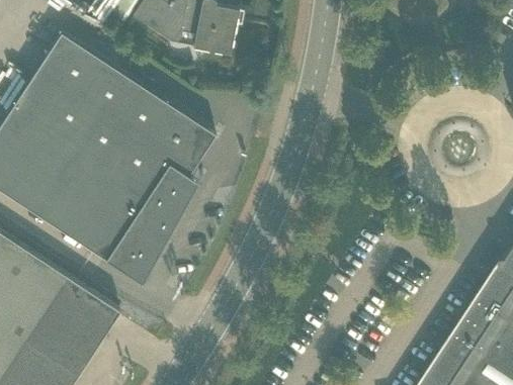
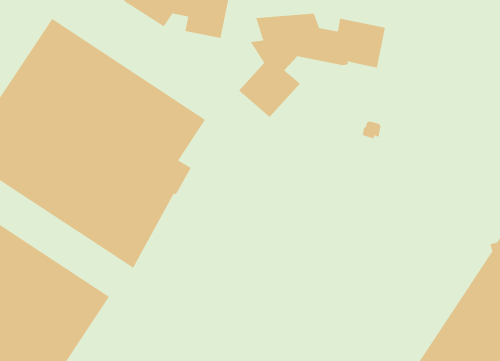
building: none -> [238,13,386,118]

